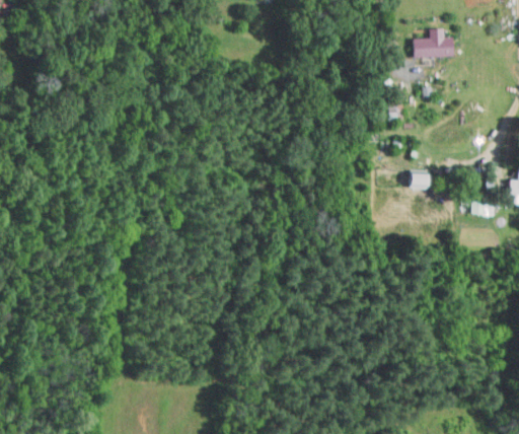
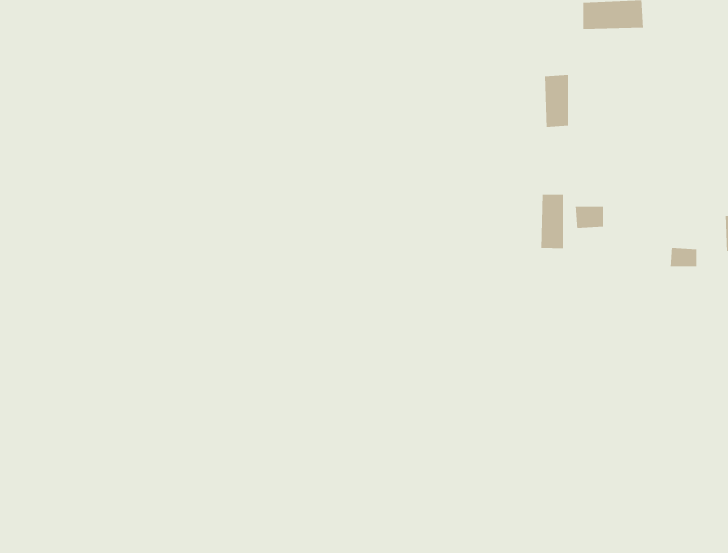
building: none -> [540,194,564,249]

